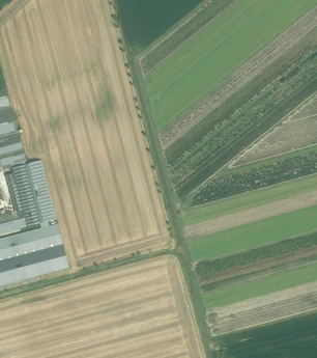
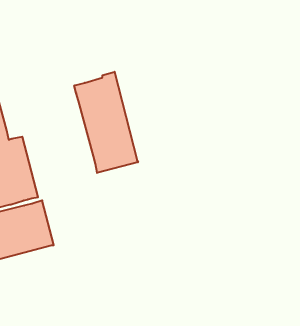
building: none -> [74,72,138,173]

